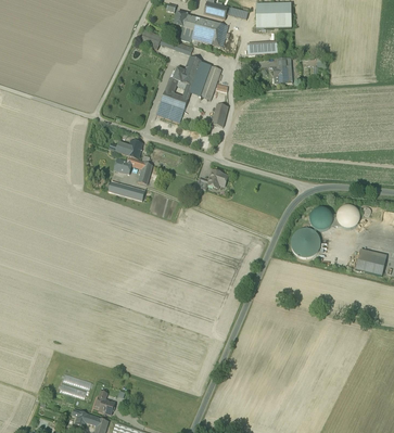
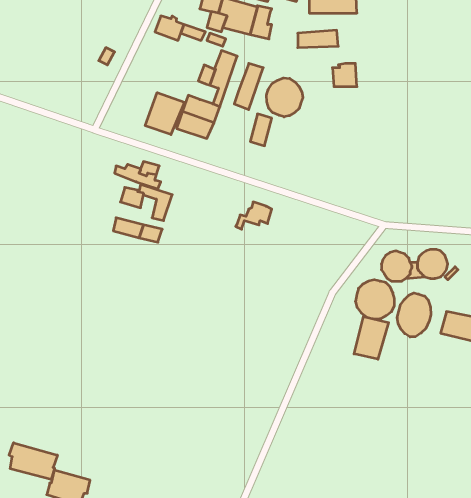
building: none -> [266,78,303,117]
building: none -> [145,93,185,135]
building: none -> [397,293,431,337]
building: none -> [354,316,389,359]
building: none -> [9,443,57,479]

